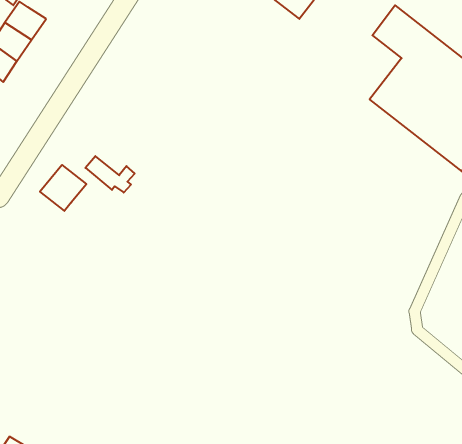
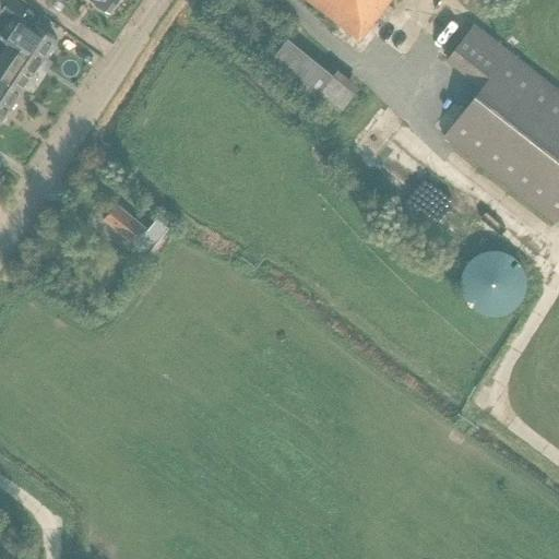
building: none -> [270,38,355,114]
building: [40,165,86,211] -> none
building: none -> [462,250,527,316]

